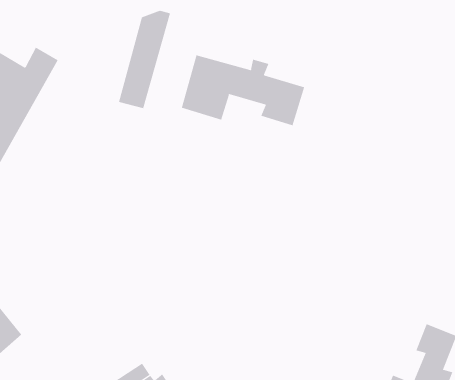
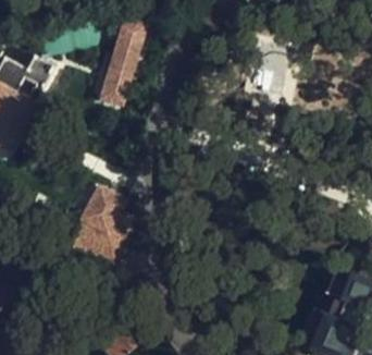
building: [181,55,305,126] -> none
building: none -> [61,186,134,269]

